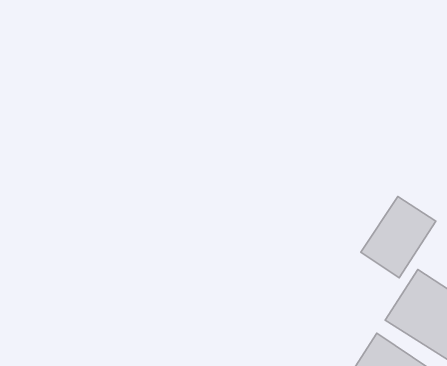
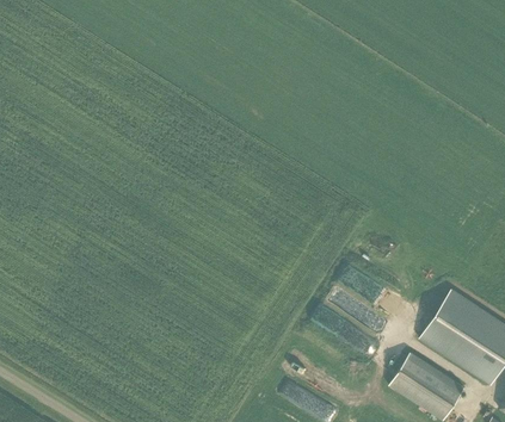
building: [361,197,436,278] -> none

